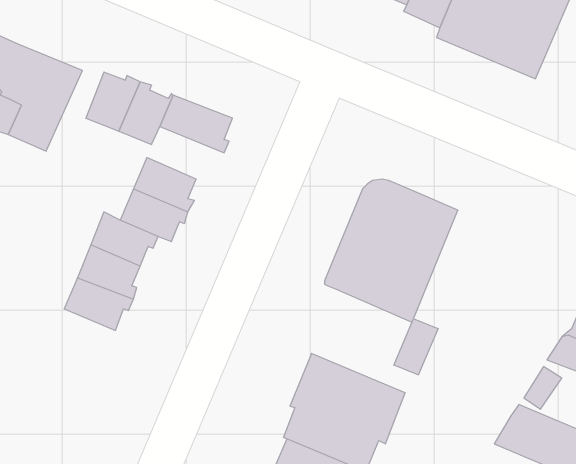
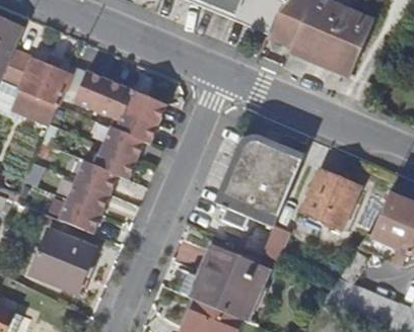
building: none -> [111,106,158,139]
building: none -> [302,168,360,228]
building: none -> [30,228,95,290]

